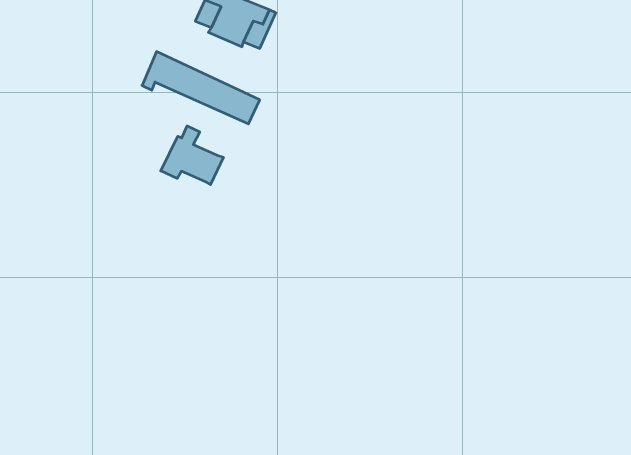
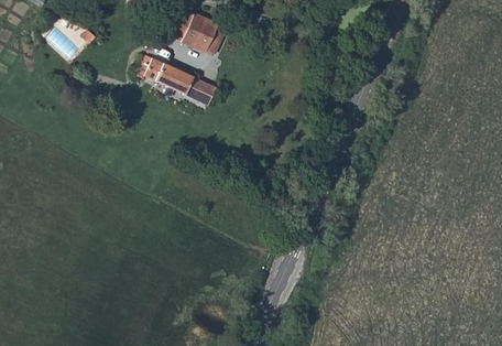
building: [161,126,223,185] -> none

